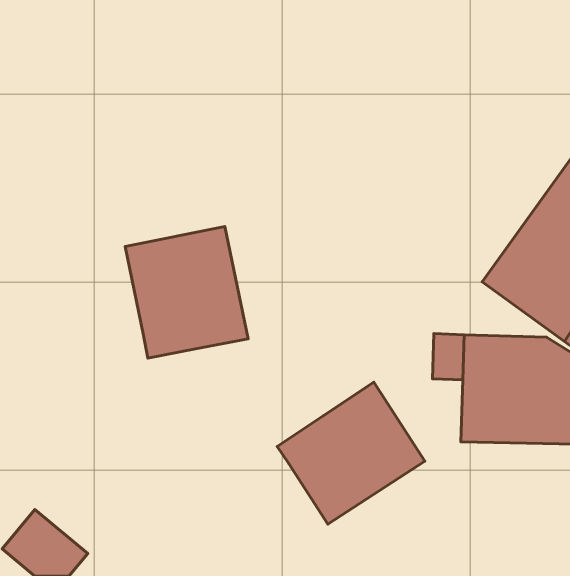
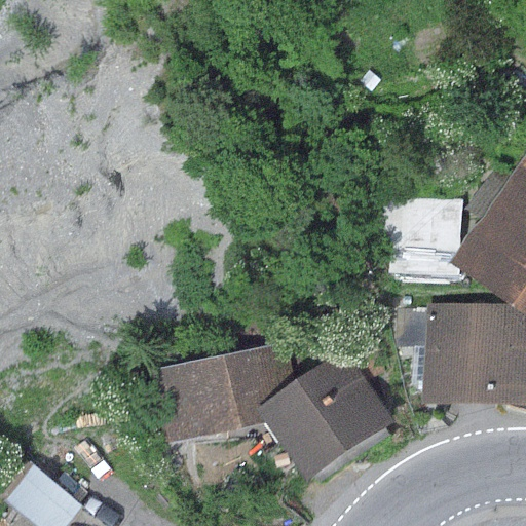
building: [125,226,248,358] -> none
building: none -> [154,342,300,442]

